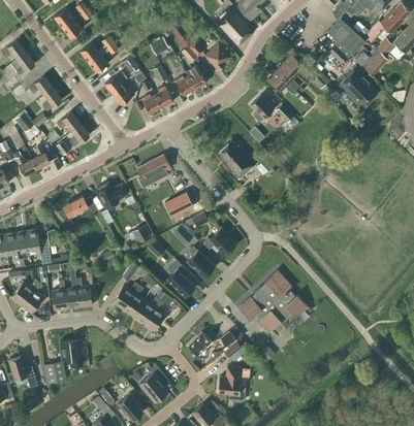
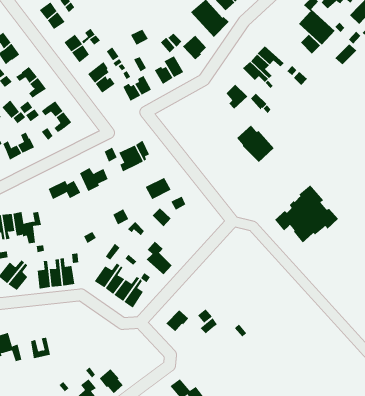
building: [337,66,380,108] -> none
building: [215,139,255,179] -> [236,124,275,163]
building: [202,229,235,255] -> none
building: [187,247,214,277] -> none
building: [238,270,307,332] -> [274,185,339,243]
building: [60,339,83,366] -> none
building: [139,364,168,402] -> none
building: [217,367,245,400] -> none

